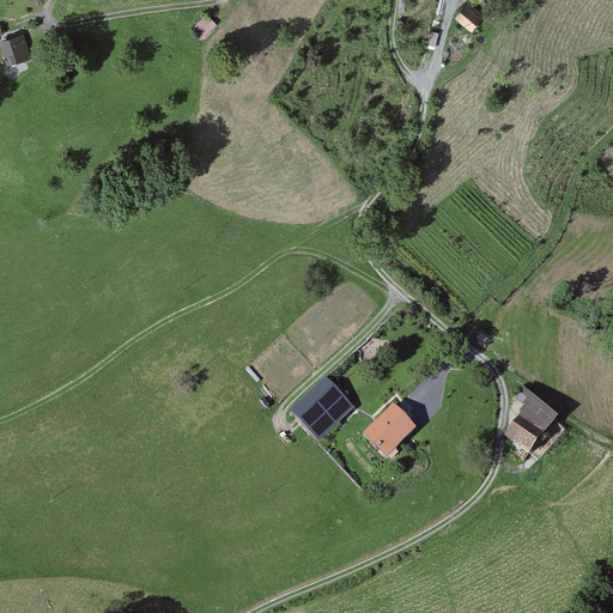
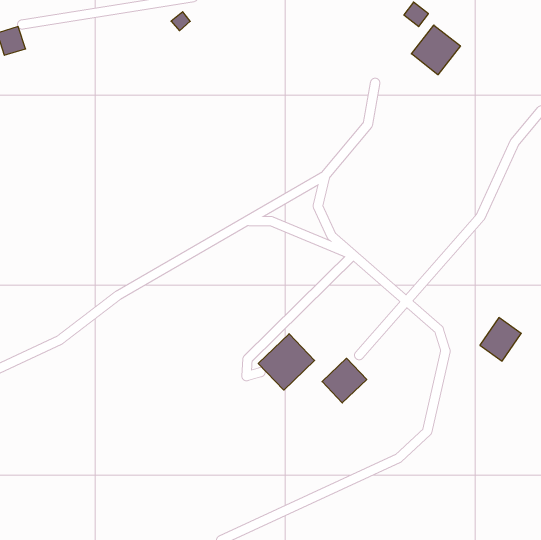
building: none -> [411,25,460,75]
building: [508,405,554,454] -> [480,318,521,361]

